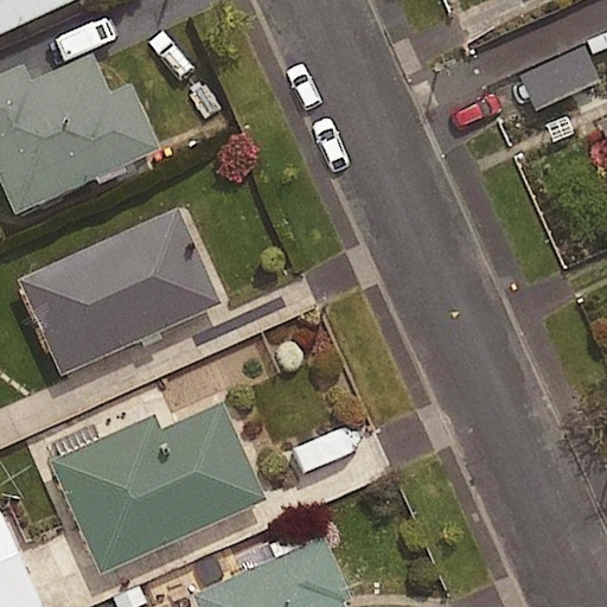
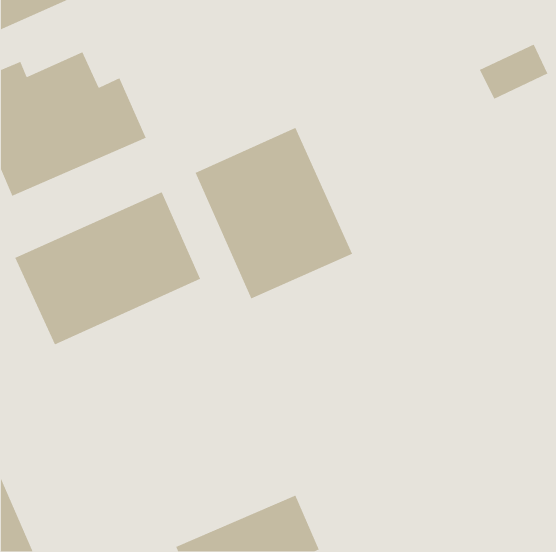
building: none -> [194,127,353,299]
building: [49,402,266,575] -> none

